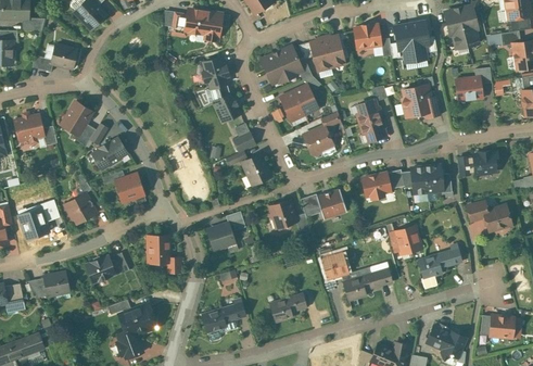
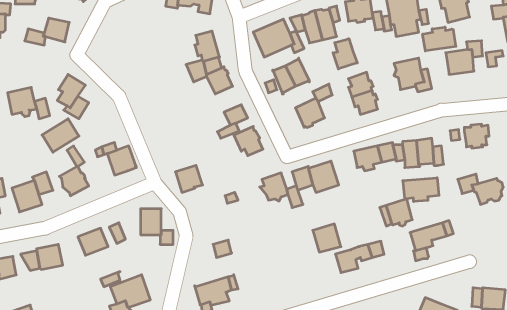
building: none -> [423,27,456,51]
building: none -> [333,39,357,69]
building: [91,136,128,169] -> [42,119,79,152]
building: none -> [403,178,439,202]
building: [207,223,234,250] -> [175,165,203,192]
building: [269,293,306,321] -> none

